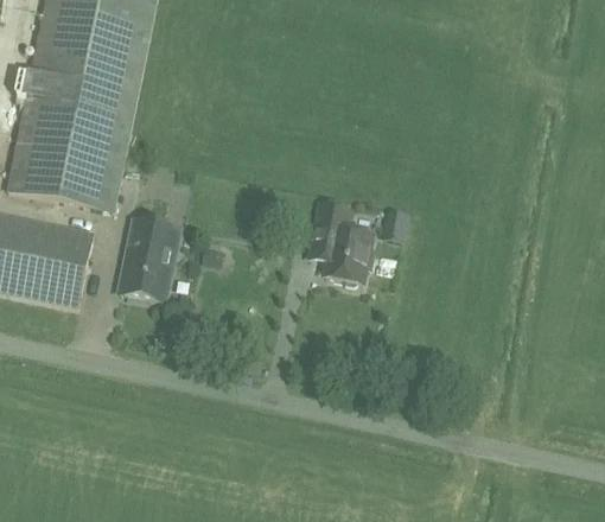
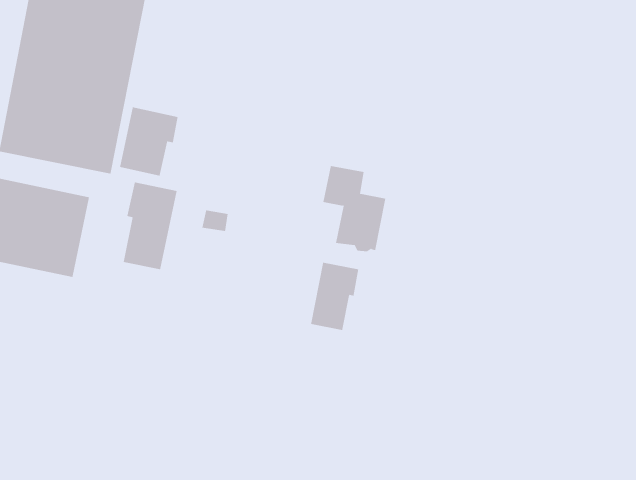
building: none -> [120,107,178,176]
building: none -> [311,262,359,331]

